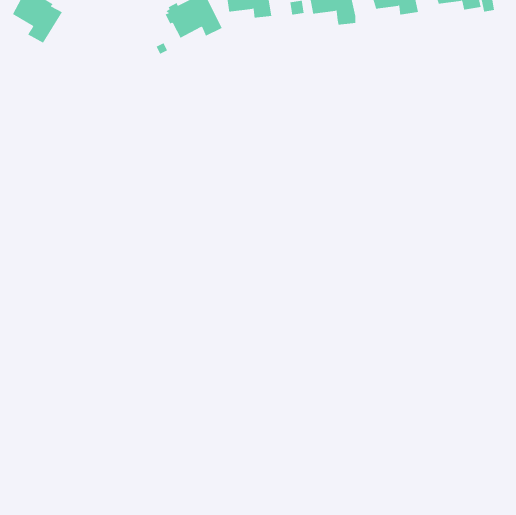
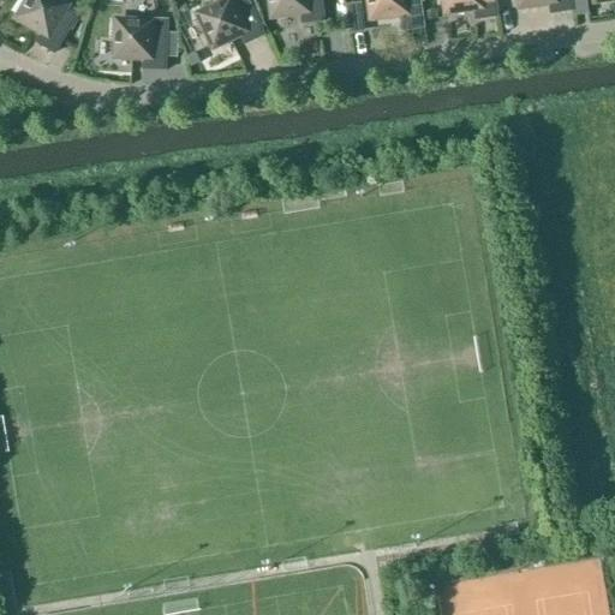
building: none -> [112,16,177,68]

